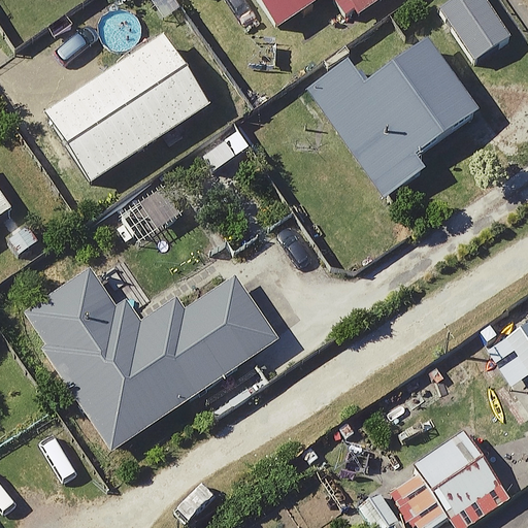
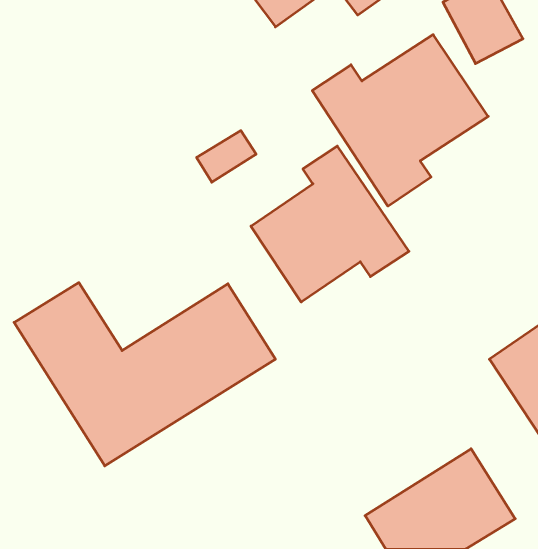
building: [46,33,210,180] -> none
building: none -> [251,146,409,302]

